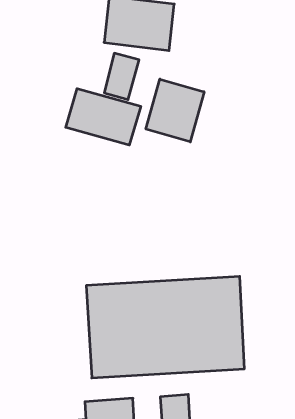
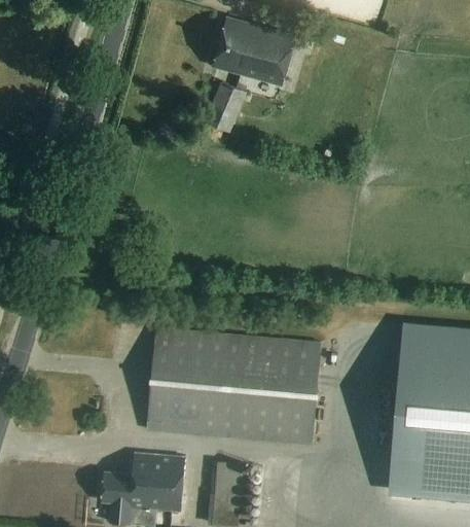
building: [146,79,204,142] -> none
building: [66,89,141,145] -> none

